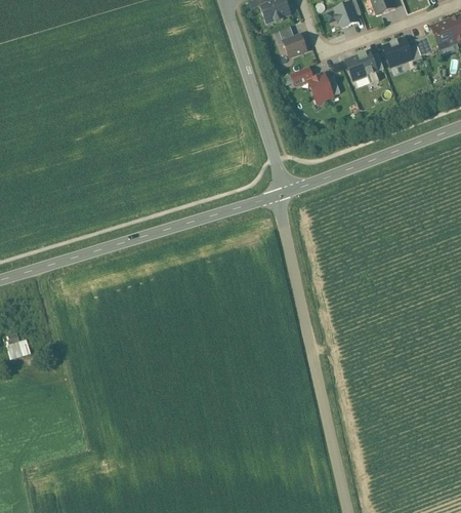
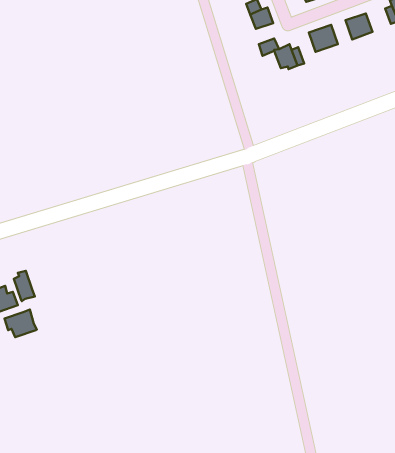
building: none -> [14,271,35,301]
building: none -> [5,309,37,337]

